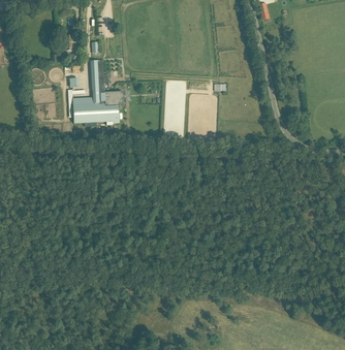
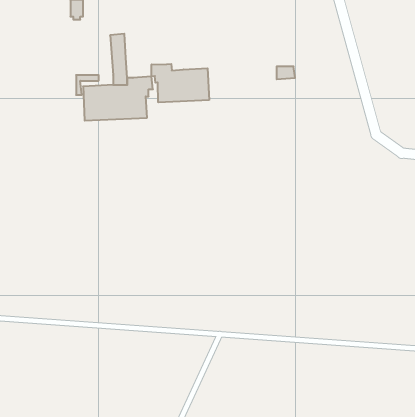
building: none -> [151,64,209,102]

